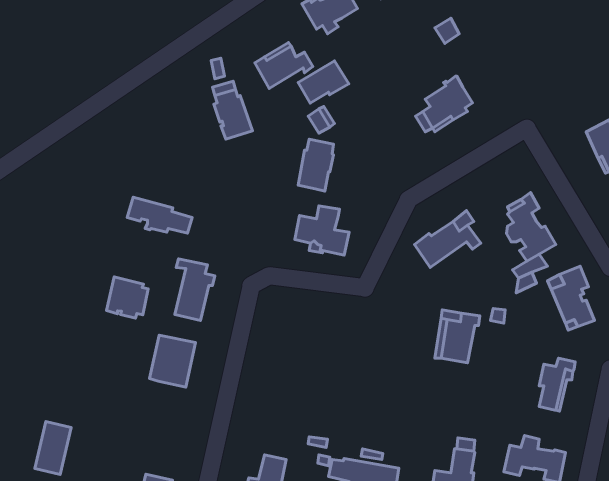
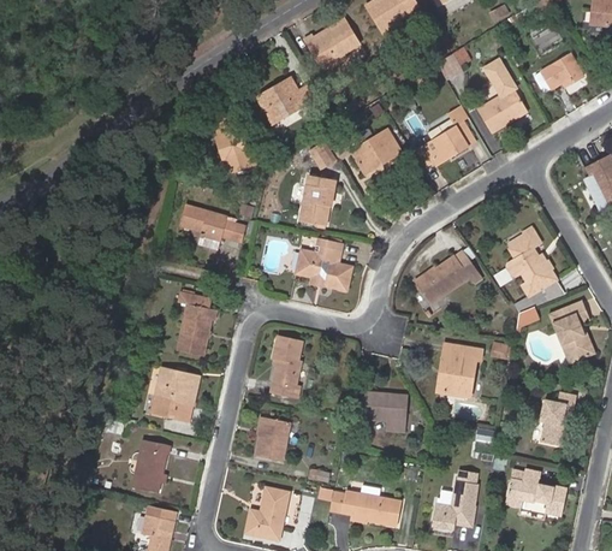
building: none -> [535,54,583,94]
building: none -> [477,60,527,132]
building: [298,61,349,103] -> [351,130,402,172]
building: [127,197,192,233] -> [180,206,245,242]
building: [106,277,148,318] -> none
building: none -> [271,337,302,396]
building: none -> [363,392,406,431]
building: none -> [256,417,290,461]
building: [35,421,71,475] -> [133,440,170,493]

